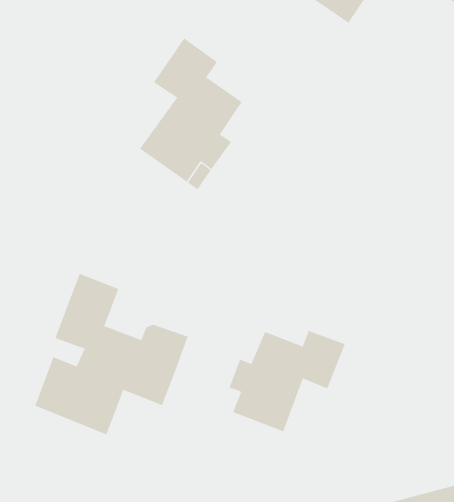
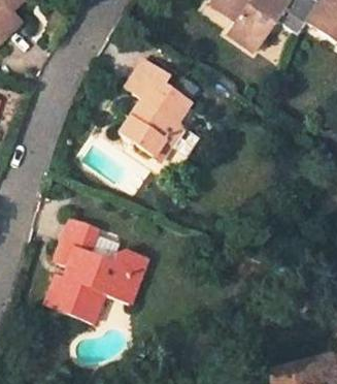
building: [229,330,345,432] -> none

